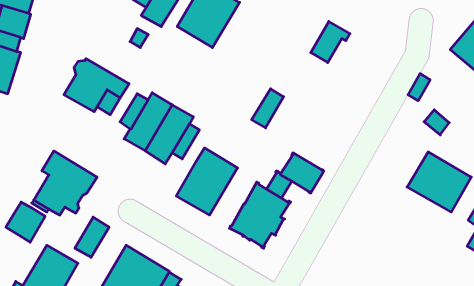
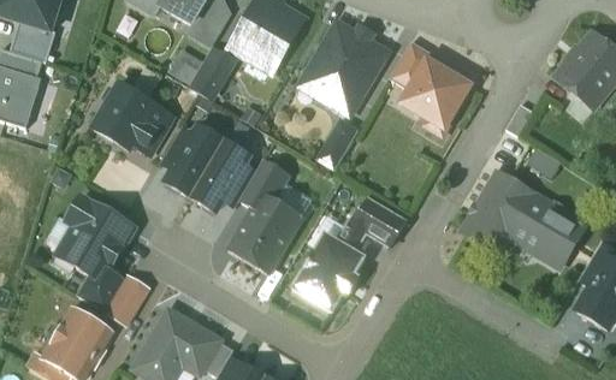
building: none -> [306,19,387,114]
building: none -> [188,47,230,96]
building: none -> [402,60,468,126]
building: none -> [238,158,289,207]
building: none -> [464,173,531,249]
building: [6,202,45,242] -> [76,262,123,310]

